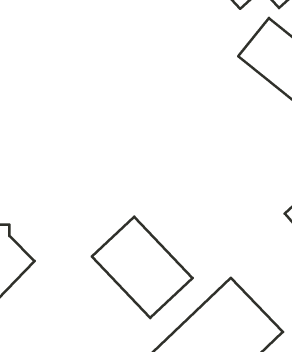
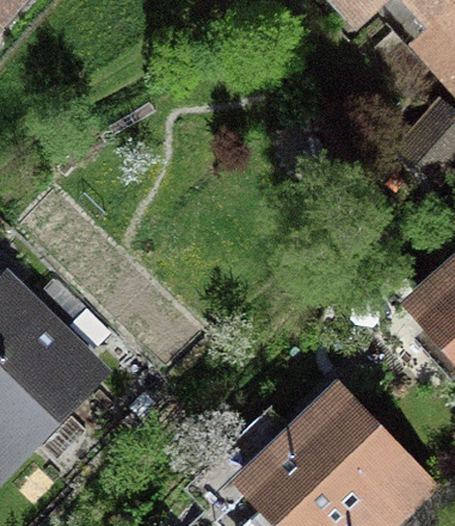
building: [92,217,193,318] -> none

